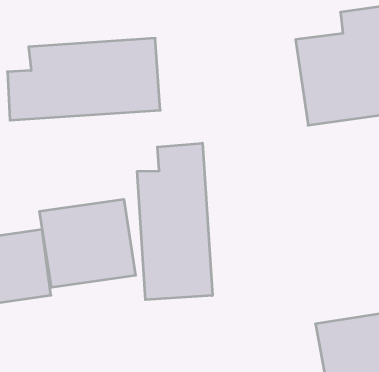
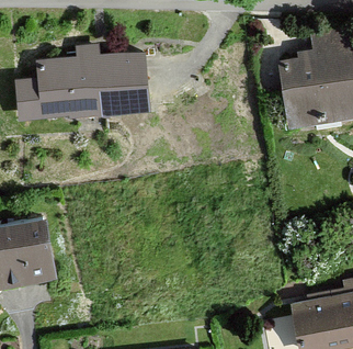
building: [137,143,212,300] -> none
building: [40,199,136,287] -> none

